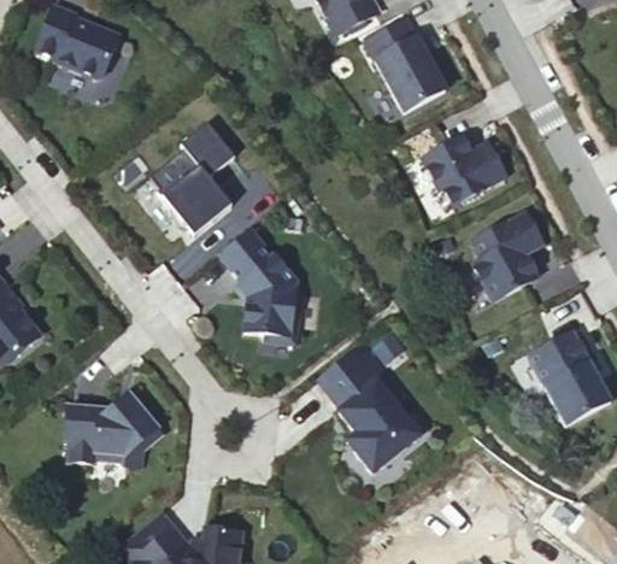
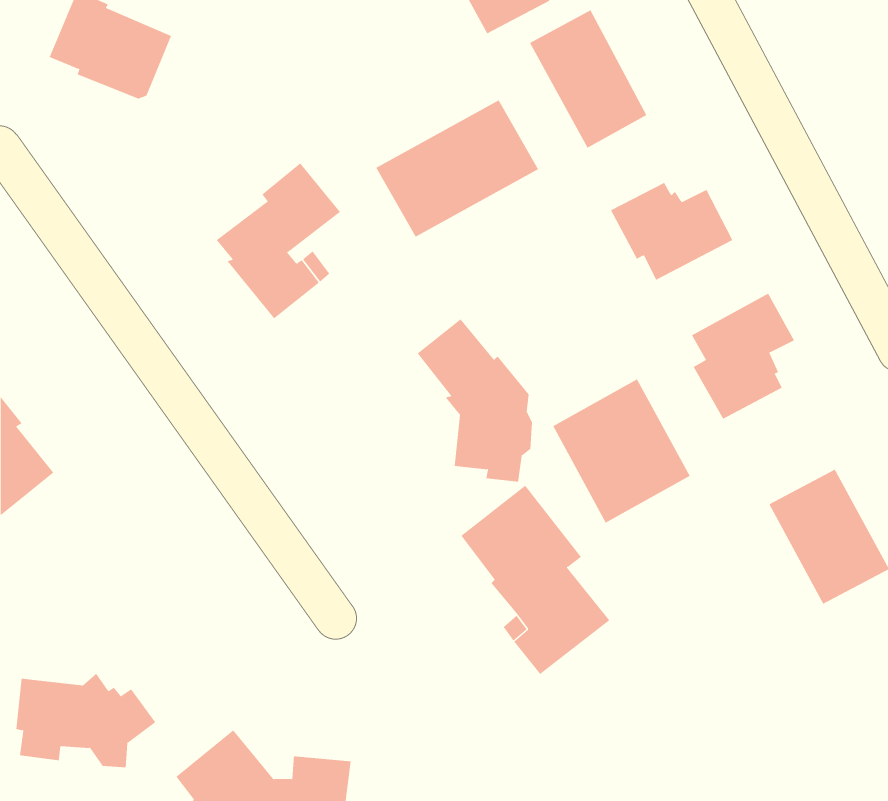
building: none -> [375,99,539,237]
building: [219,230,299,342] -> [417,318,533,482]
building: none -> [552,379,690,523]
building: [64,400,160,465] -> [16,673,156,768]

